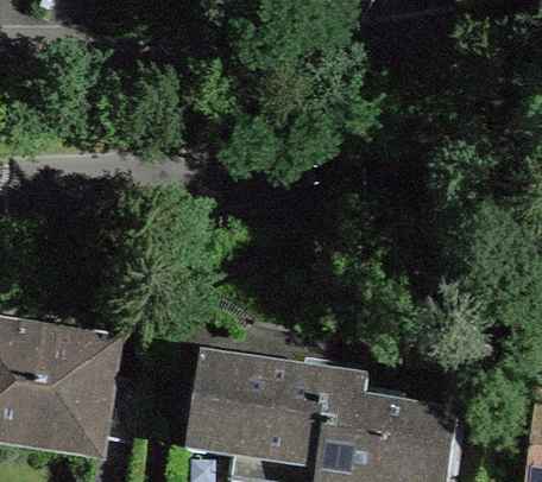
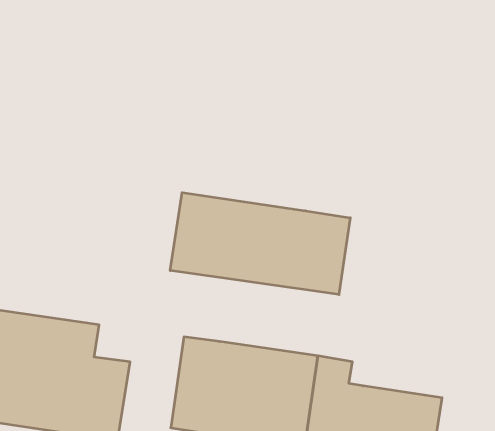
building: none -> [170,193,350,295]

